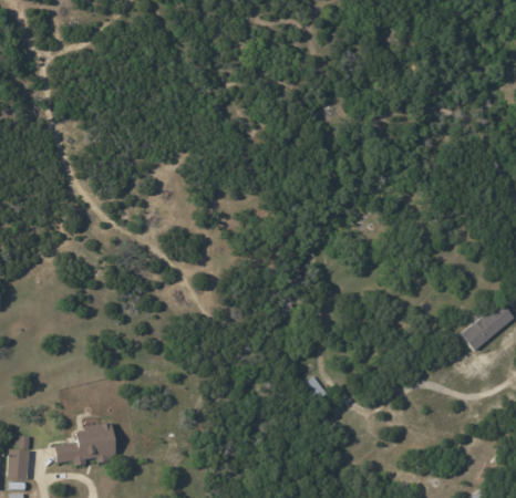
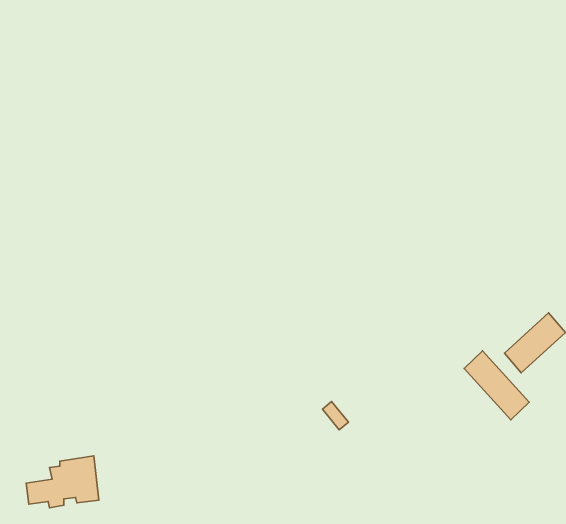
building: none -> [464,351,529,420]

